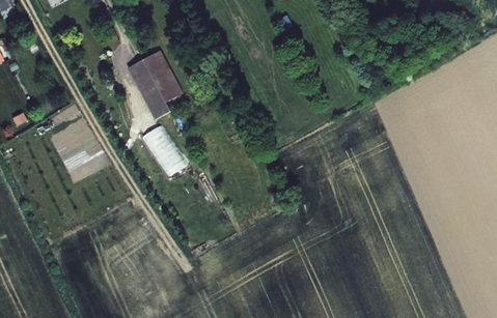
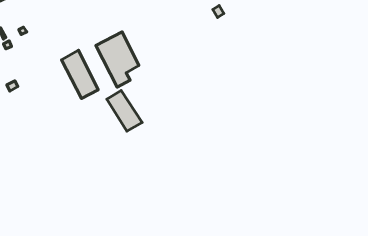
building: none -> [61,50,98,99]

